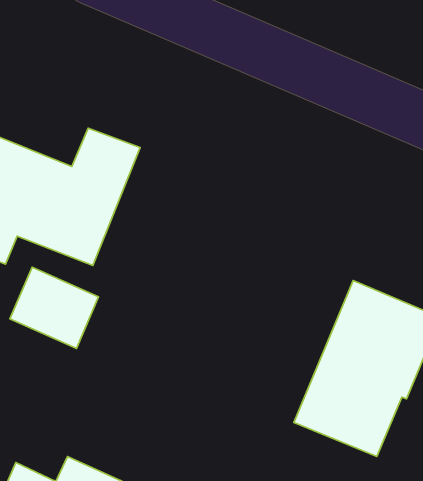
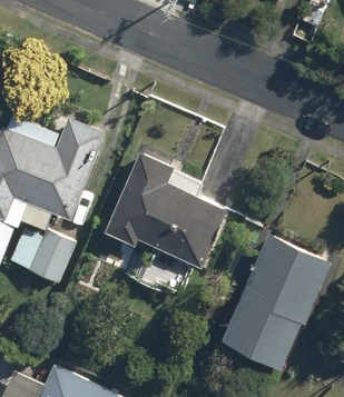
building: none -> [104,152,228,269]

